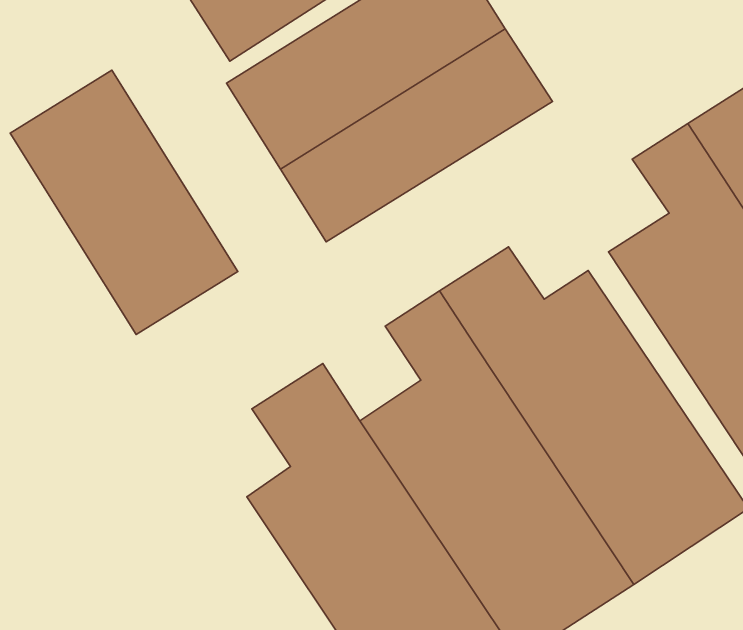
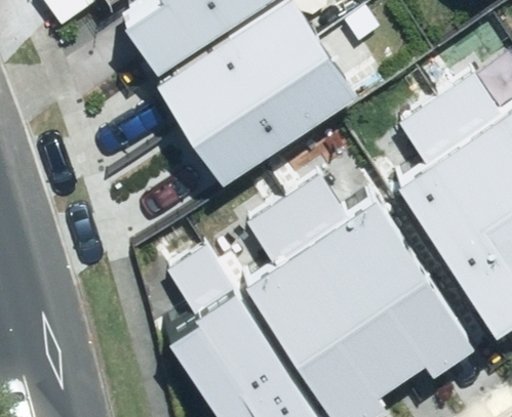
building: [10,70,238,335] -> none

